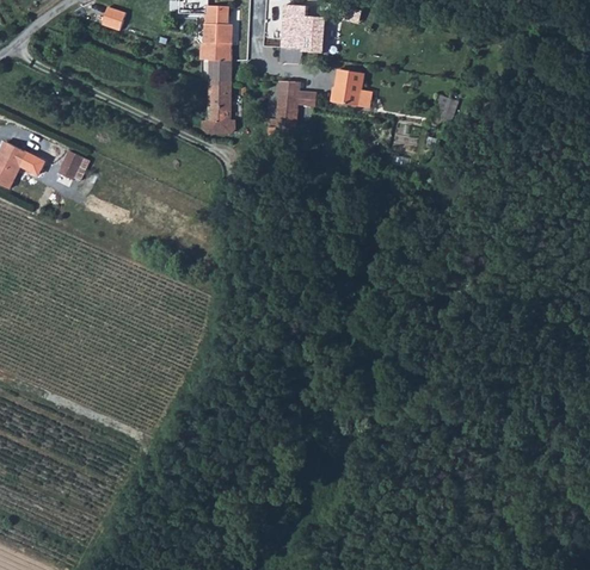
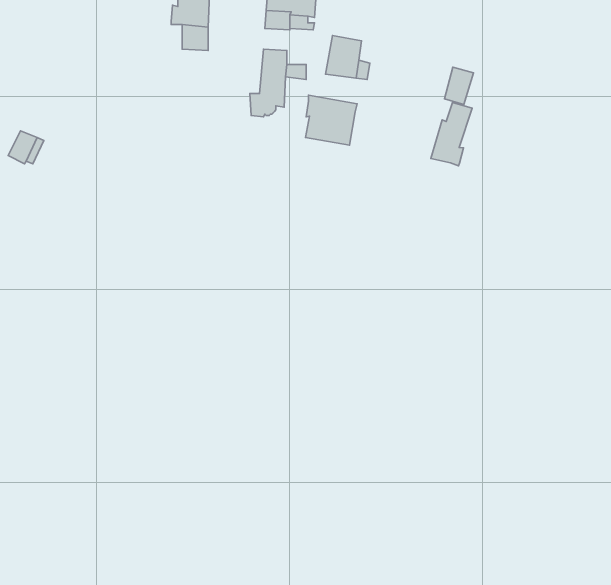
building: [207,80,231,128] -> none
building: none -> [305,95,357,145]
building: none -> [431,102,472,166]

